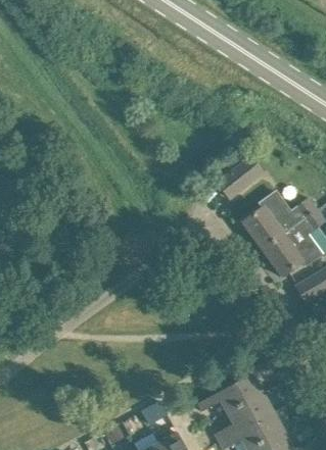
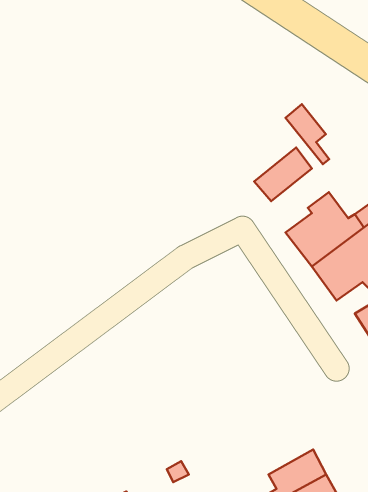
building: none -> [285,104,329,164]
building: [197,374,263,412] -> none

